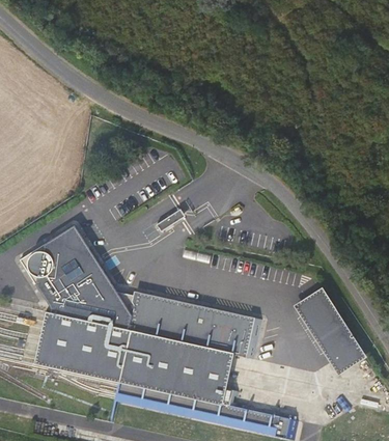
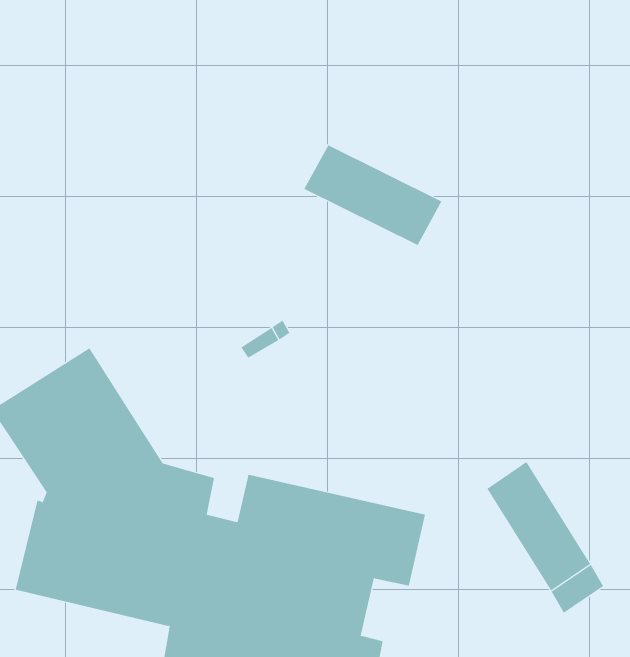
building: none -> [304,144,442,246]
building: [137,290,163,322] -> none

